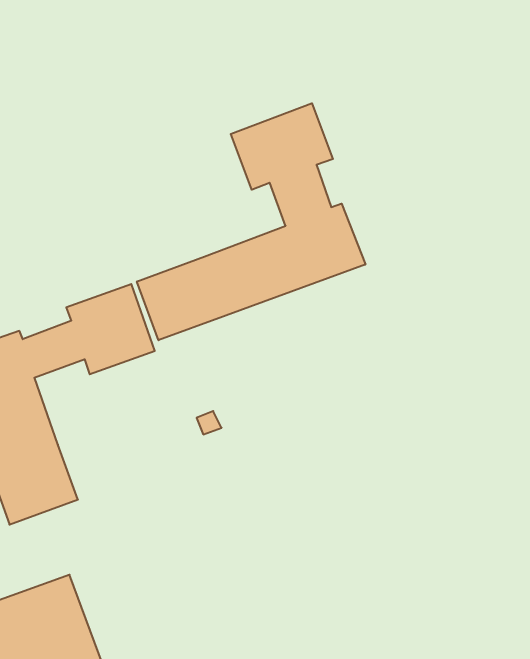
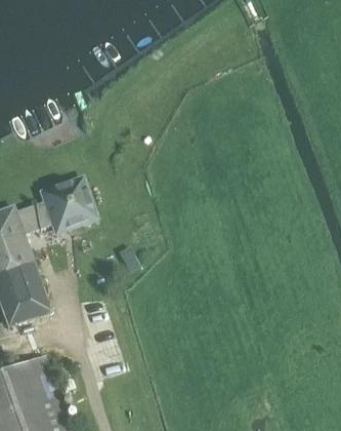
building: [137,103,365,340] -> none

